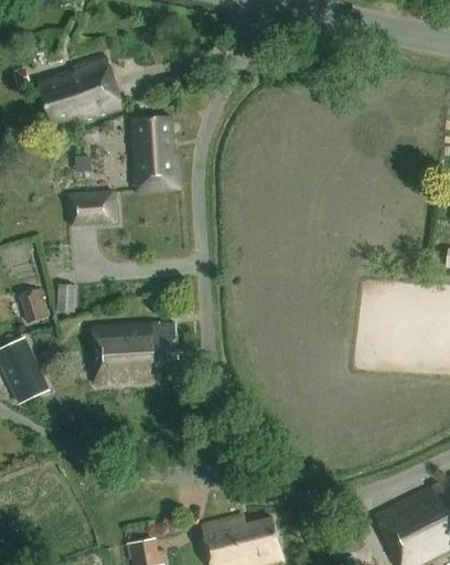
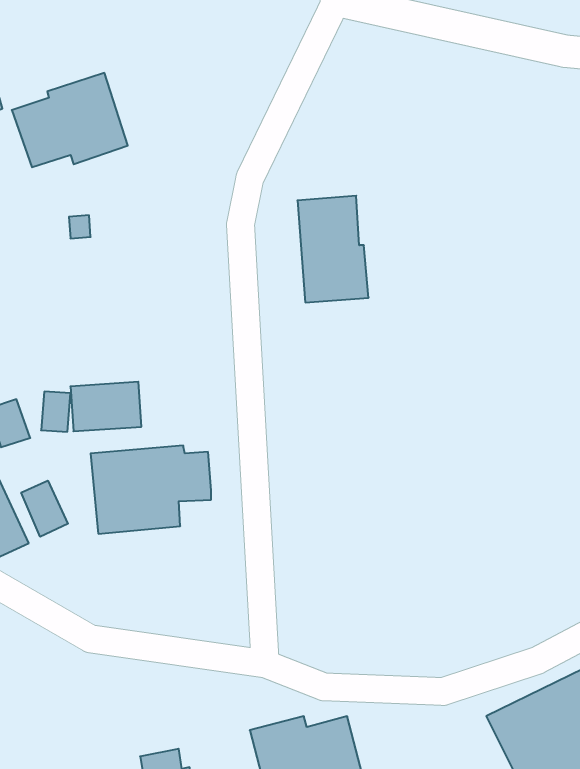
building: [130,117,181,193] -> [297,196,369,302]
building: [66,191,117,226] -> [70,382,141,431]
building: none -> [21,481,68,537]

